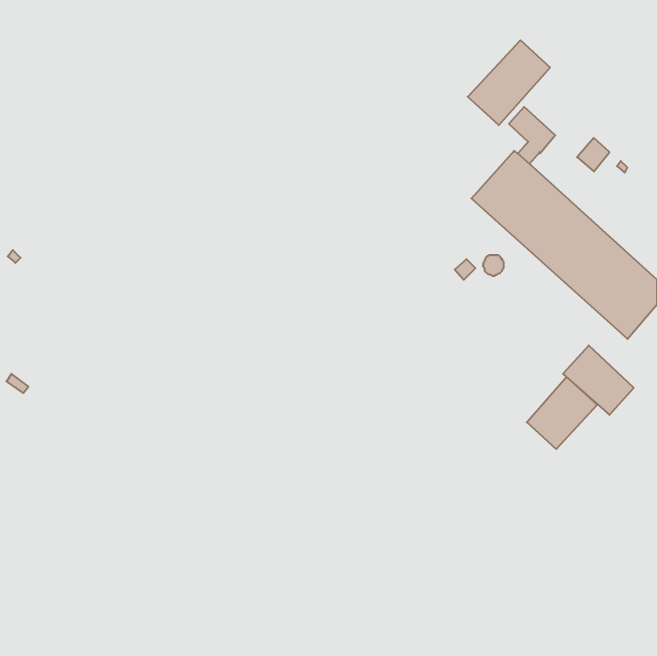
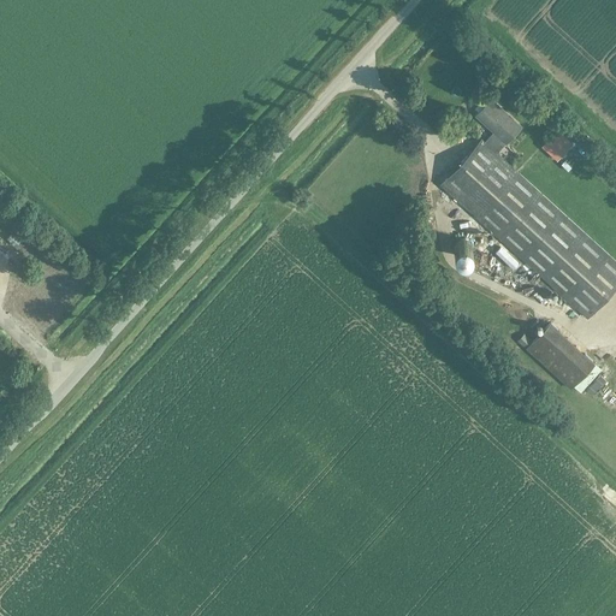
building: [468,40,550,125] -> none
building: [527,377,597,449] -> none

